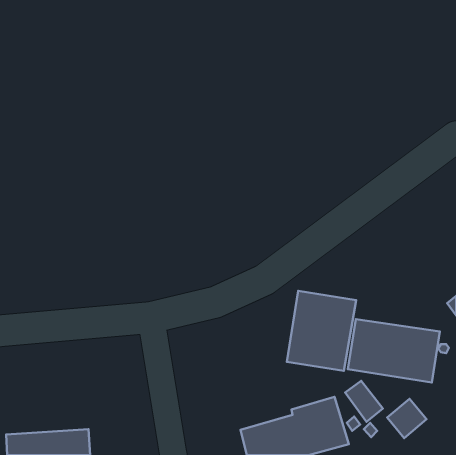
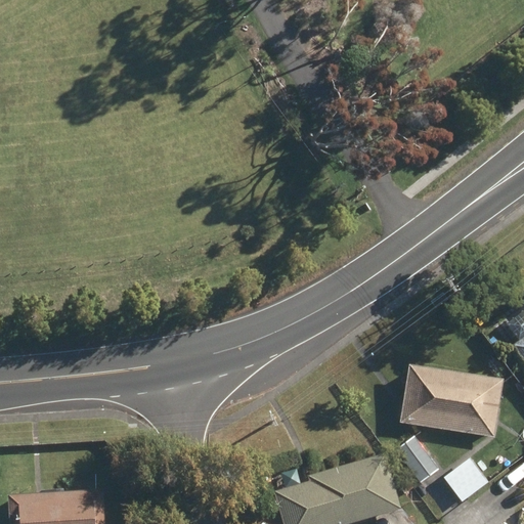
building: [287,291,356,371] -> none

